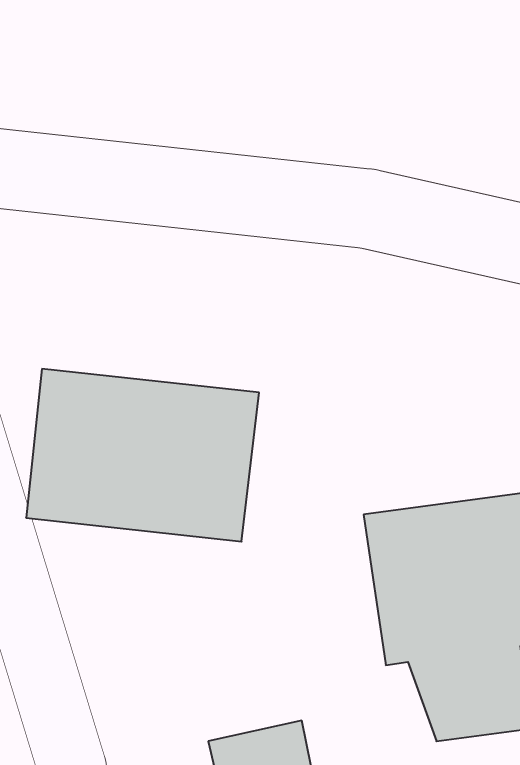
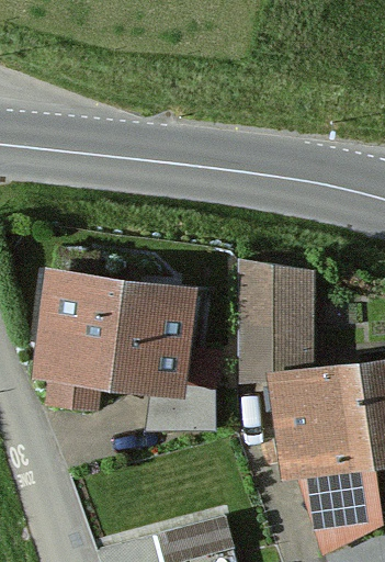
building: none -> [239,265,315,349]

